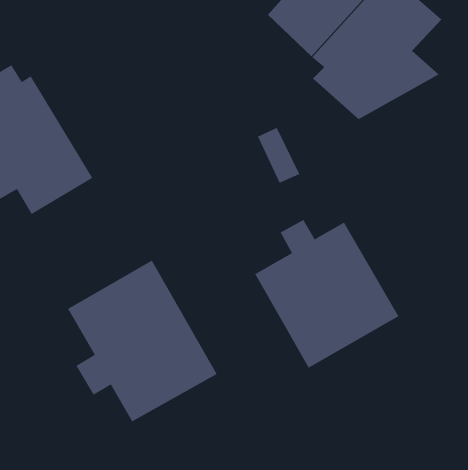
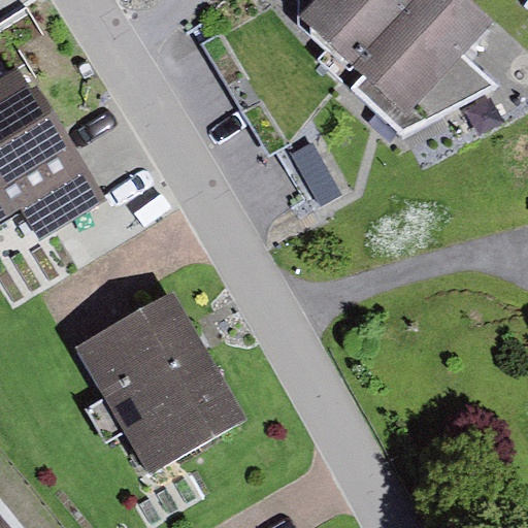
building: [254,219,399,368] -> none

